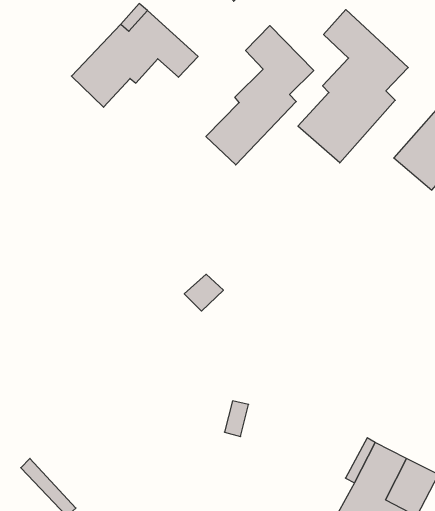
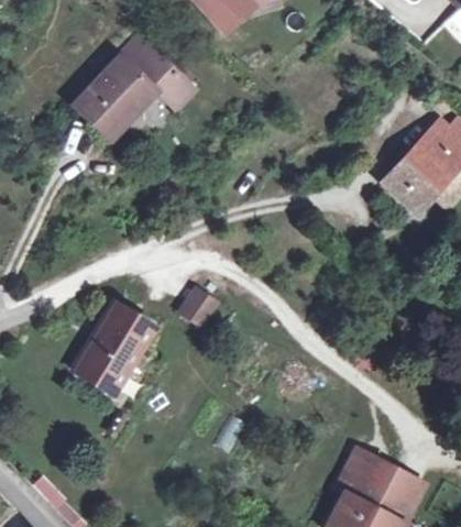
building: [298,10,408,163] -> none
building: [206,26,314,165] -> none
building: none -> [73,303,154,393]

